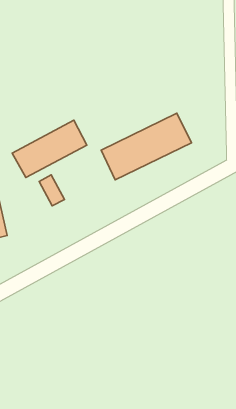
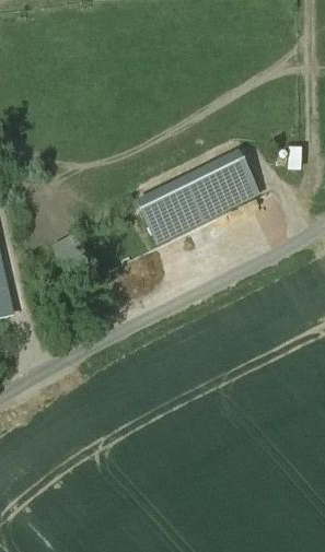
building: [12,120,87,178] -> none

